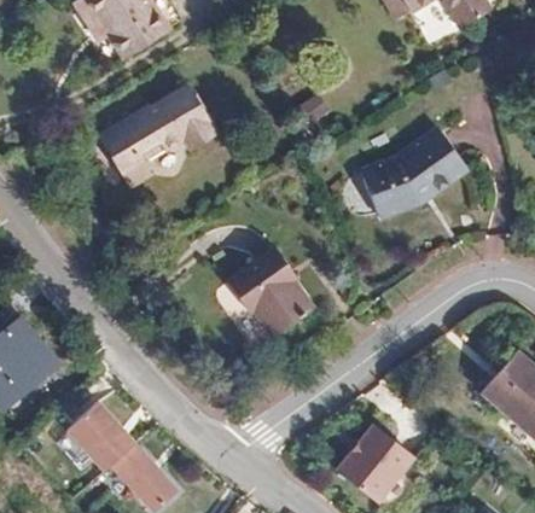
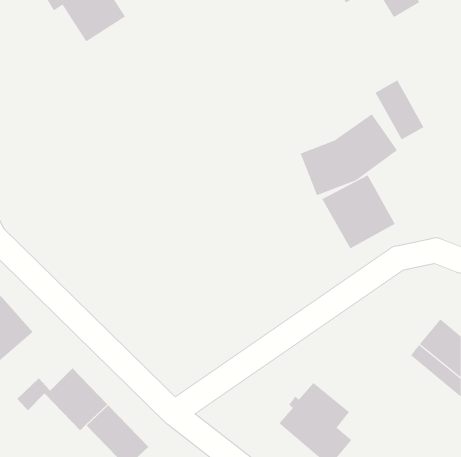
building: [95,87,211,188] -> none
building: none -> [375,80,424,140]
building: none -> [321,174,395,249]
building: [225,252,309,340] -> none

